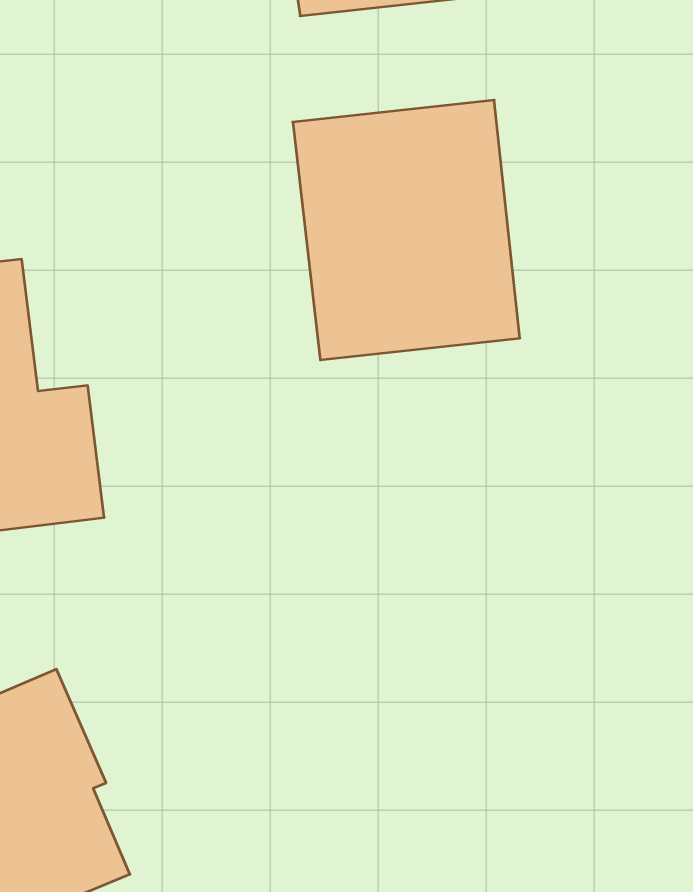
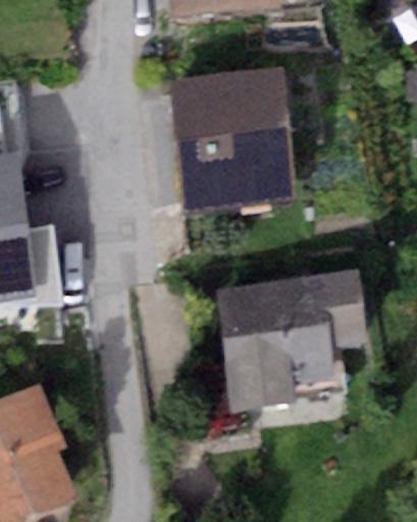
building: none -> [214,269,367,411]

